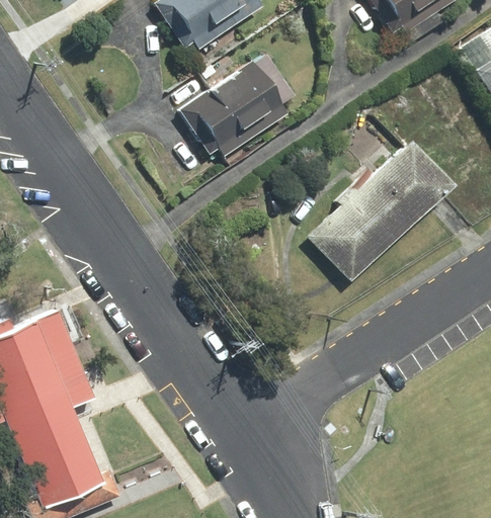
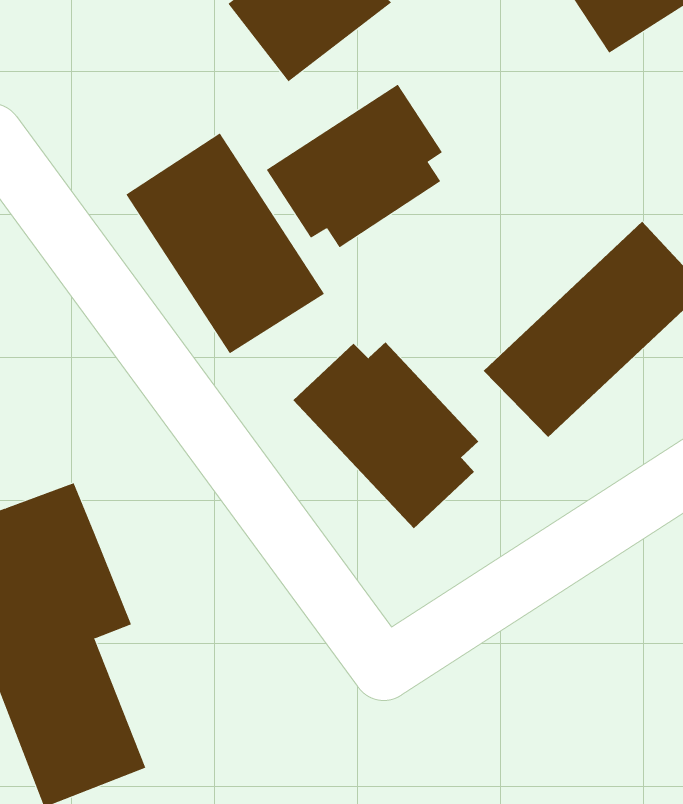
building: none -> [126,133,325,354]
building: none -> [292,342,479,529]

